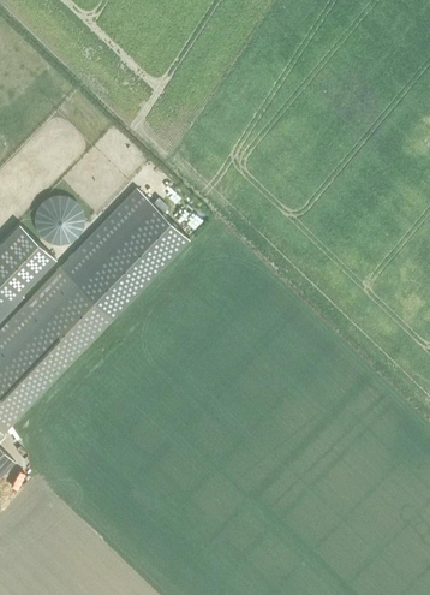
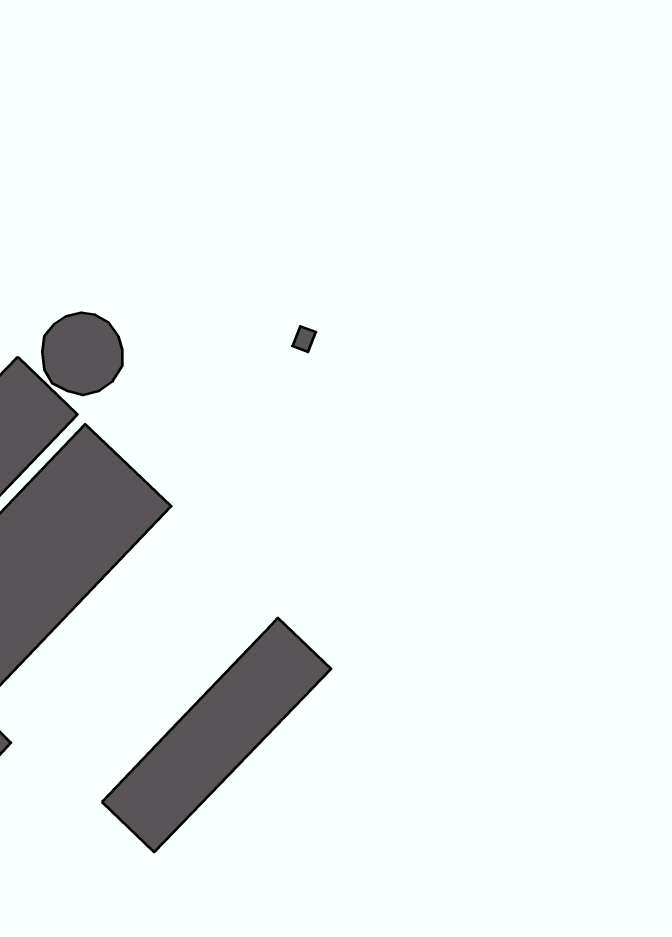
building: [60,186,189,316] -> none
building: none -> [103,618,331,852]

